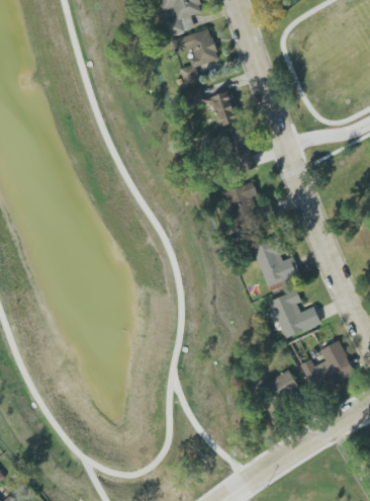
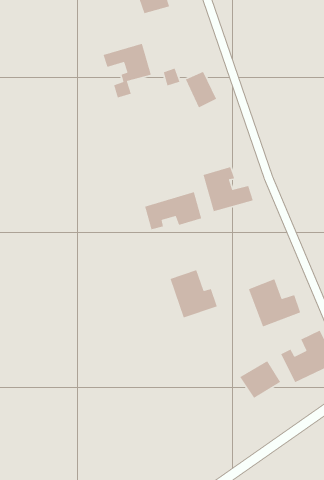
building: [171,28,218,82] -> [103,43,152,98]
building: none -> [144,191,202,230]
building: [253,238,299,285] -> [169,269,218,318]

